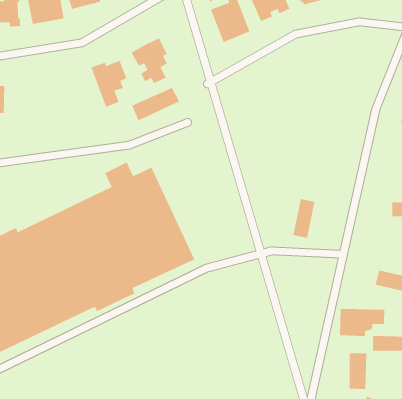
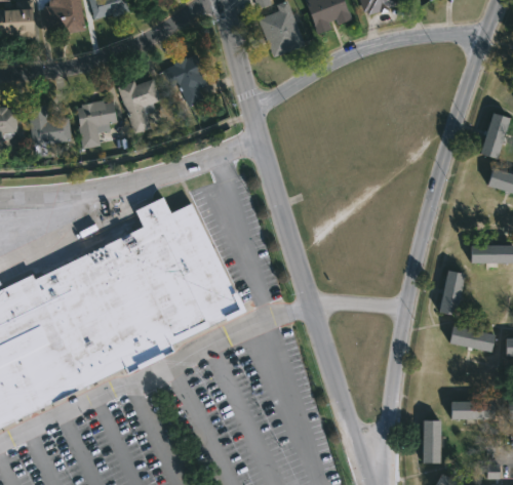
building: none -> [76,99,118,149]
building: none -> [28,105,72,157]
building: [132,87,180,121] -> none
building: [292,198,315,239] -> [436,271,463,318]
building: [339,308,385,337] -> none

